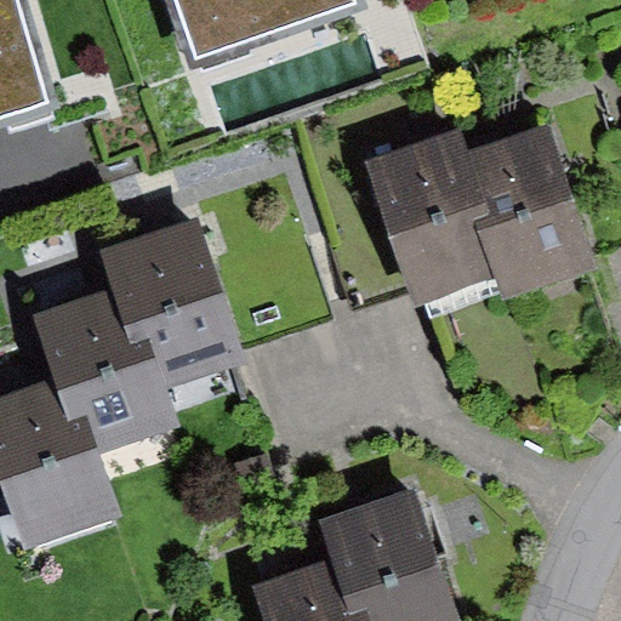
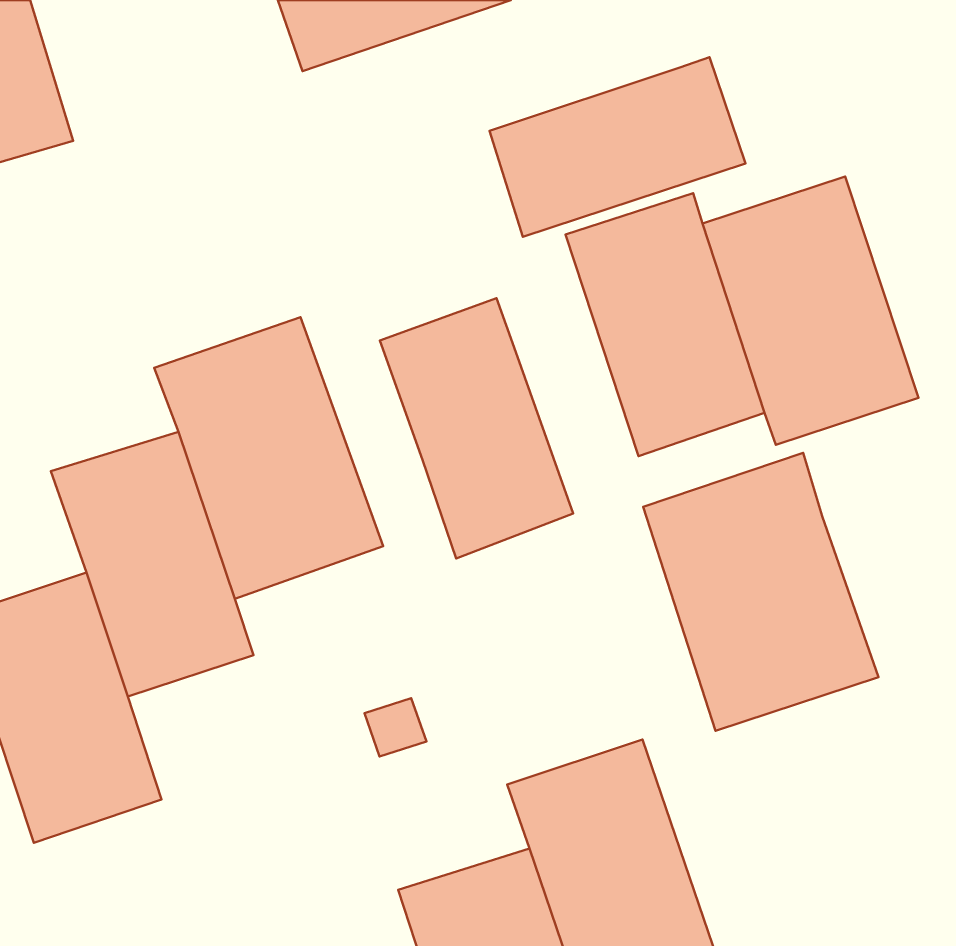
building: none -> [489,57,745,237]
building: none -> [380,298,573,559]
building: none -> [643,453,878,731]

